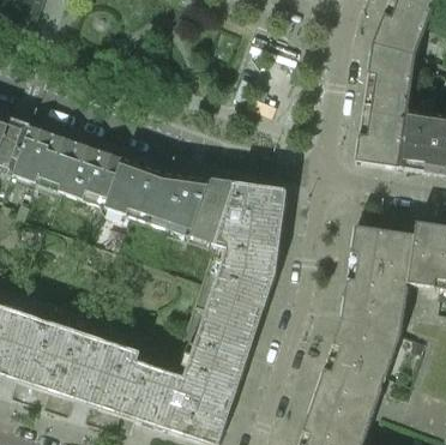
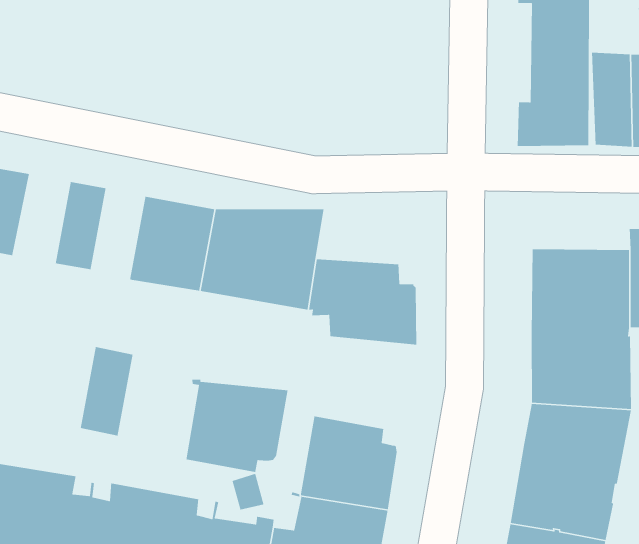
building: [36,133,78,191] -> none
building: [83,149,122,206] -> [80,346,134,437]
building: [222,181,287,222] -> none
building: [206,258,276,321] -> [185,379,289,473]

